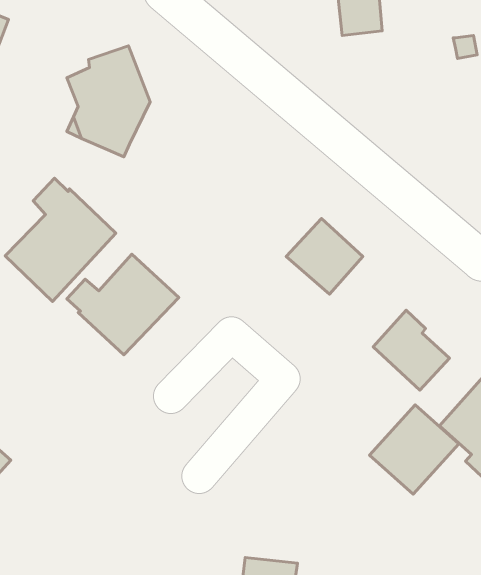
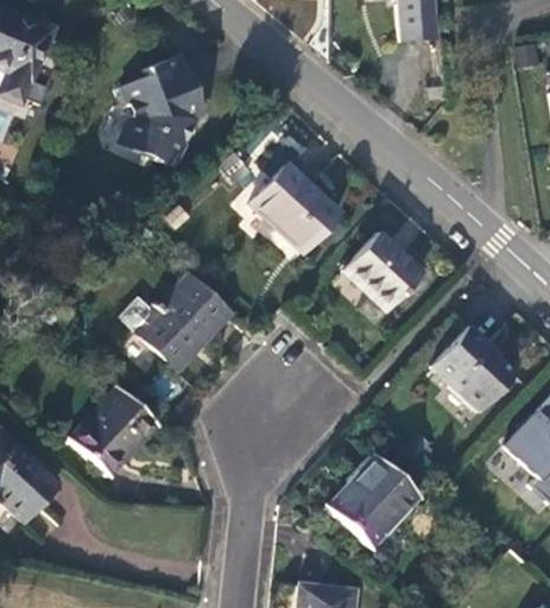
building: none -> [244,159,342,255]
building: [5,178,116,301] -> none
building: none -> [63,382,158,476]
building: [370,405,459,494] -> [328,454,421,546]

